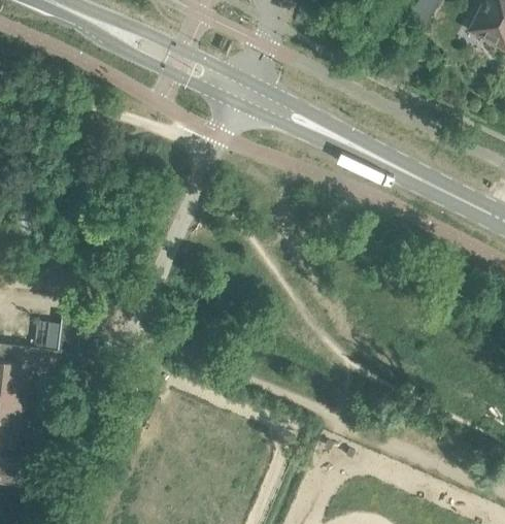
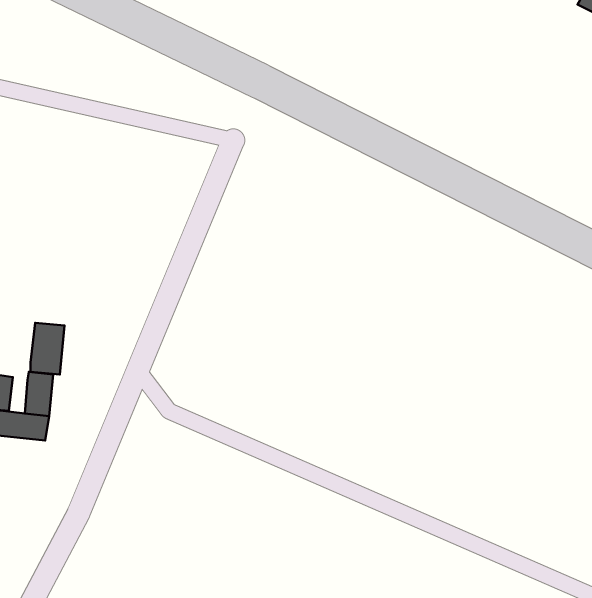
building: none -> [30,323,65,374]

